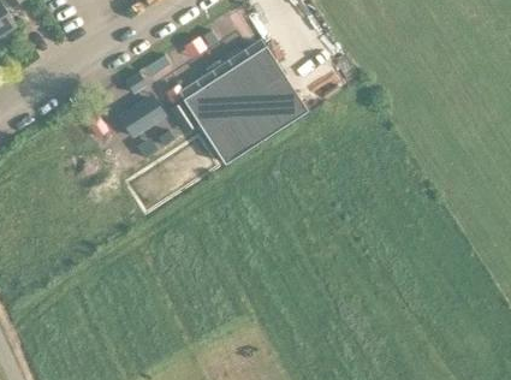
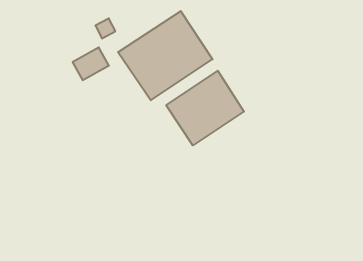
building: none -> [166,71,244,145]

